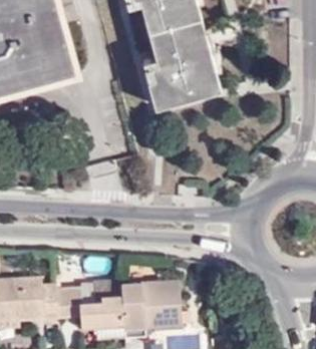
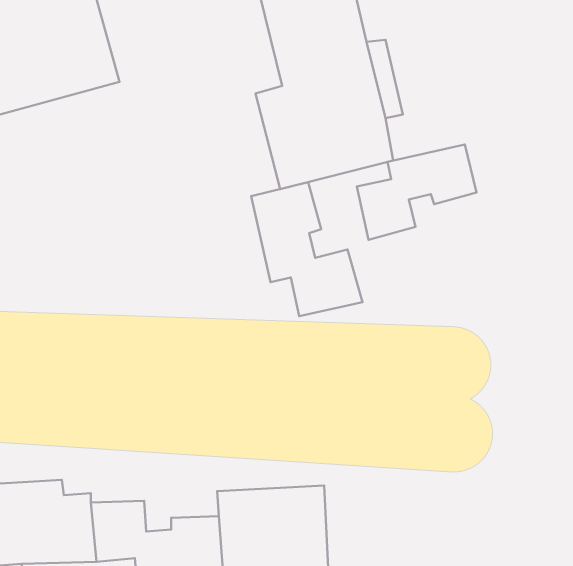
building: none -> [357,144,476,240]
building: none -> [251,182,362,316]

